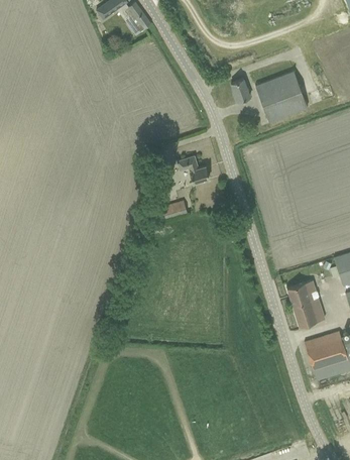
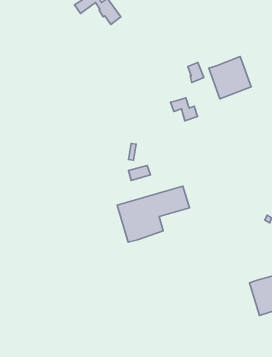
building: [177,155,209,183] -> [170,98,198,121]
building: none -> [117,186,190,242]
building: [287,279,325,326] -> none

